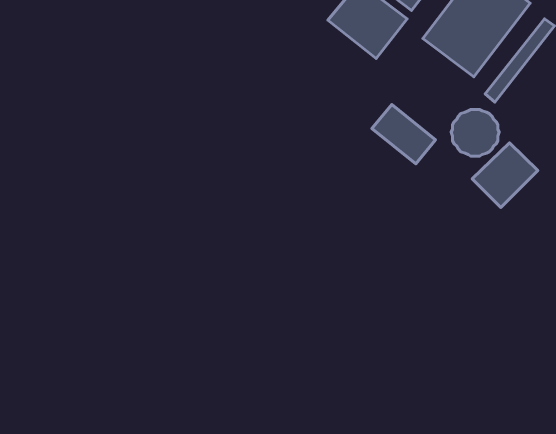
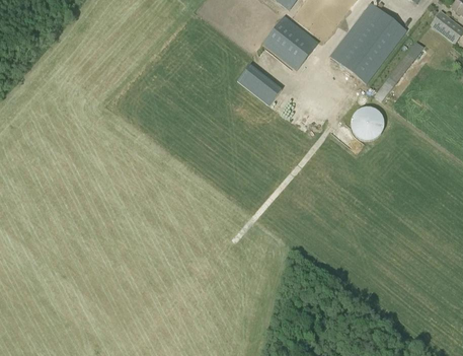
building: [372,104,436,164] -> [236,63,282,105]
building: [472,143,538,208] -> none

